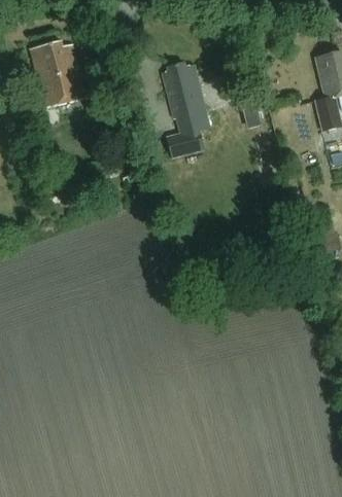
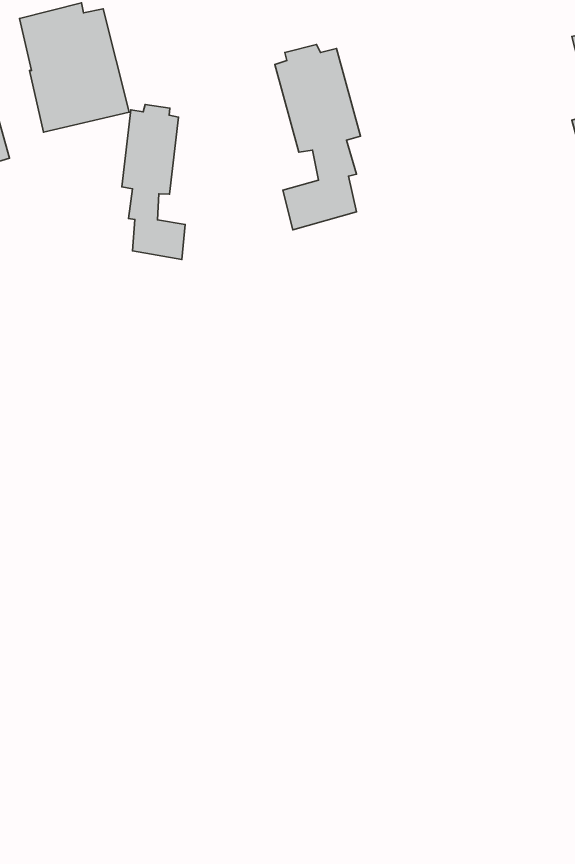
building: none -> [122,105,185,259]

